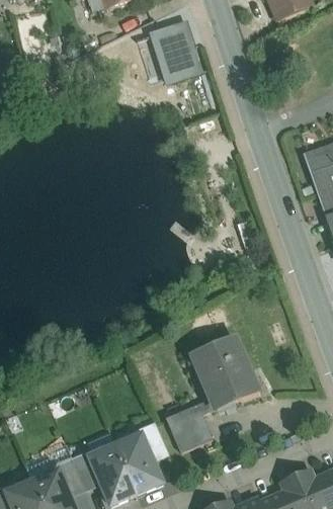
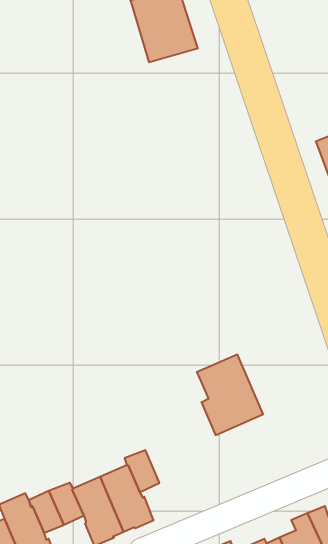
building: [166,414,213,452] -> none

